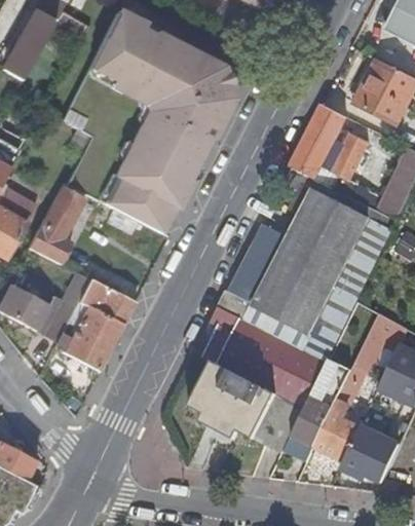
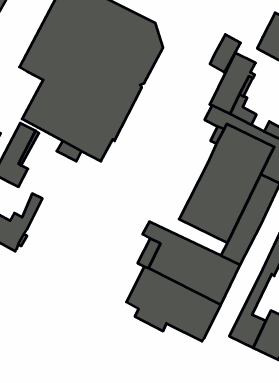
building: [332,132,369,178] -> [210,34,241,73]
building: [221,221,313,347] -> none
building: [54,278,135,371] -> none
building: [286,359,352,458] -> none

